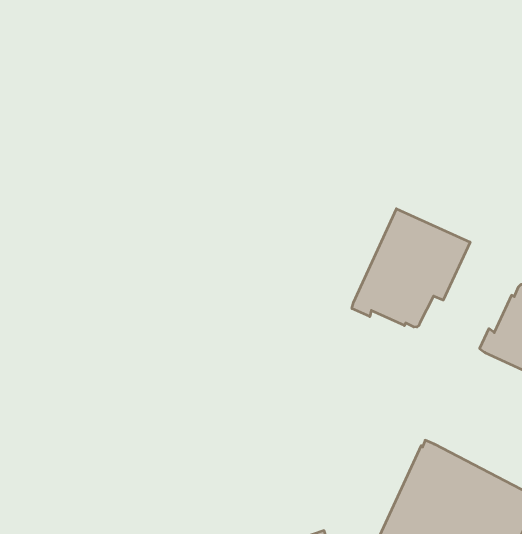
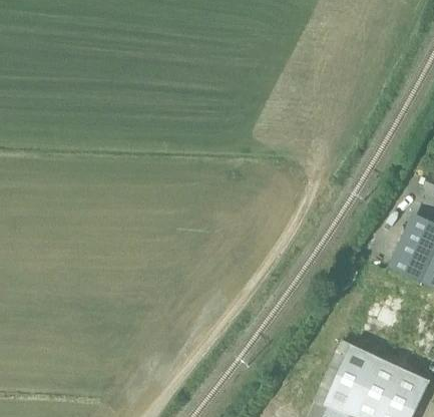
building: [352,209,470,327] -> none

